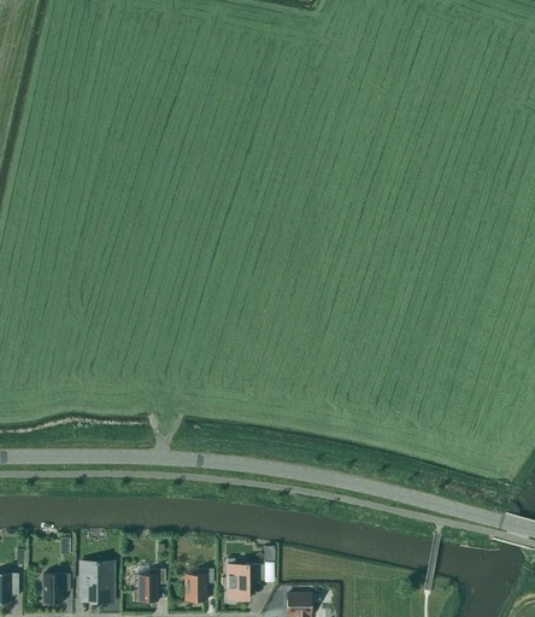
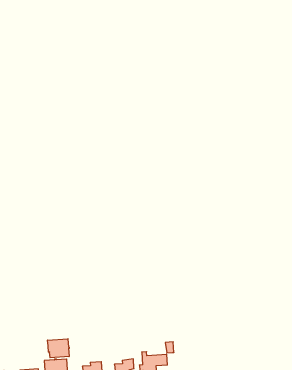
building: none -> [48,339,69,358]

